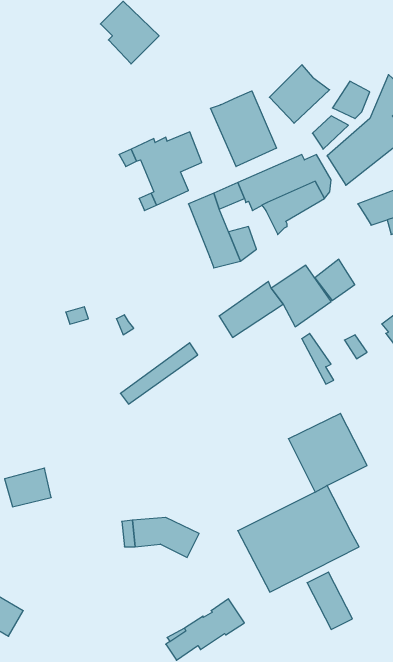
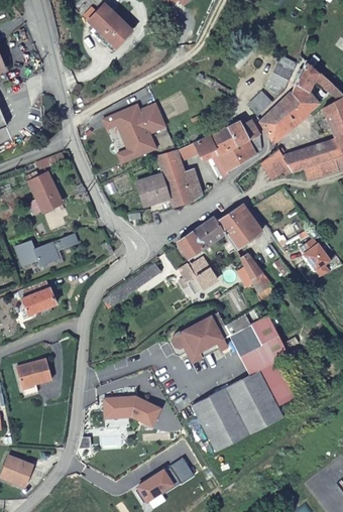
building: [269,65,330,123] -> none
building: [211,91,276,167] -> none
building: none -> [136,172,170,204]
building: none -> [32,176,63,215]
building: [315,259,355,301] -> [259,149,290,180]
building: none -> [16,241,60,265]
building: none -> [179,255,218,293]
building: none -> [16,281,51,313]
building: none -> [168,311,252,361]
building: [307,572,352,629] -> [259,362,294,405]

